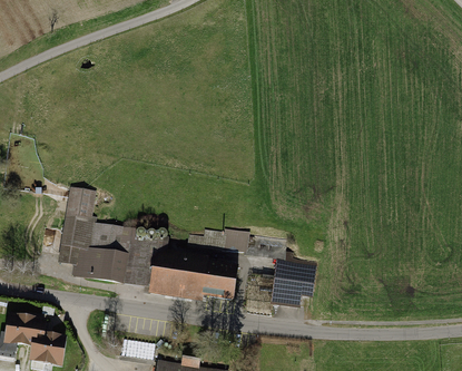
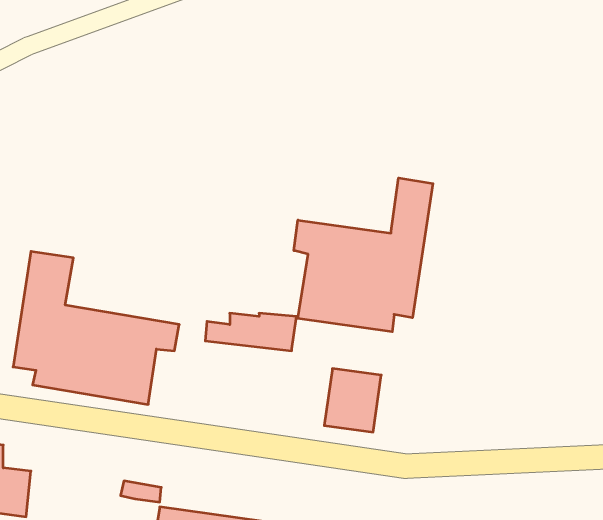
building: none -> [294,178,433,332]
building: [148,252,238,307] -> none

